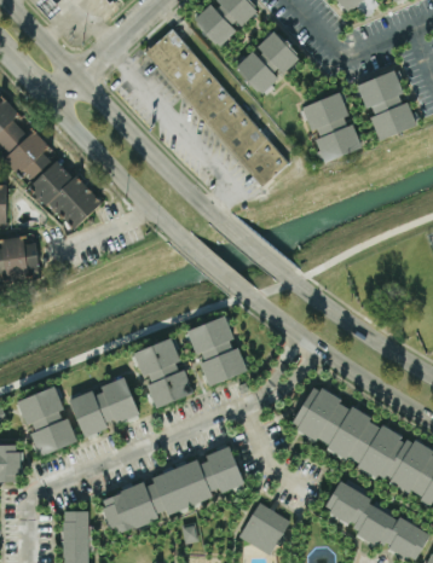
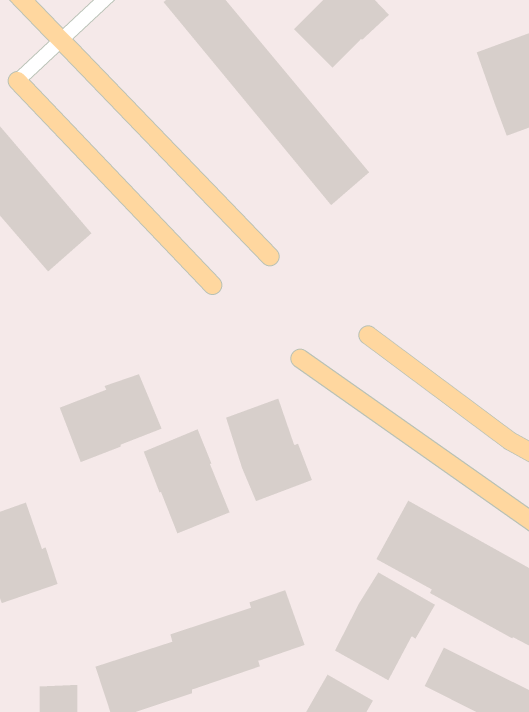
building: [304,93,360,163] -> none
building: [69,377,139,437] -> [59,373,163,463]
building: none -> [334,571,436,681]

